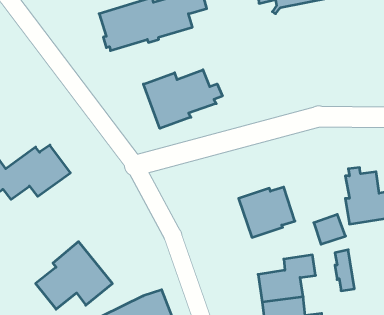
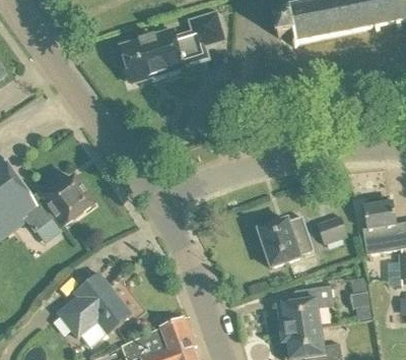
building: [143,70,222,128] -> none
building: [314,214,346,244] -> [316,215,347,244]

